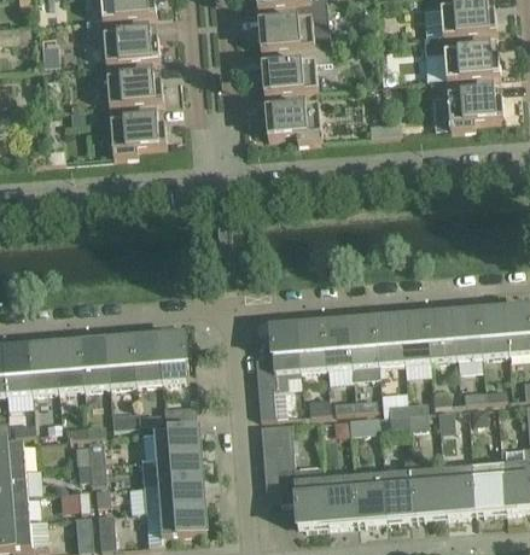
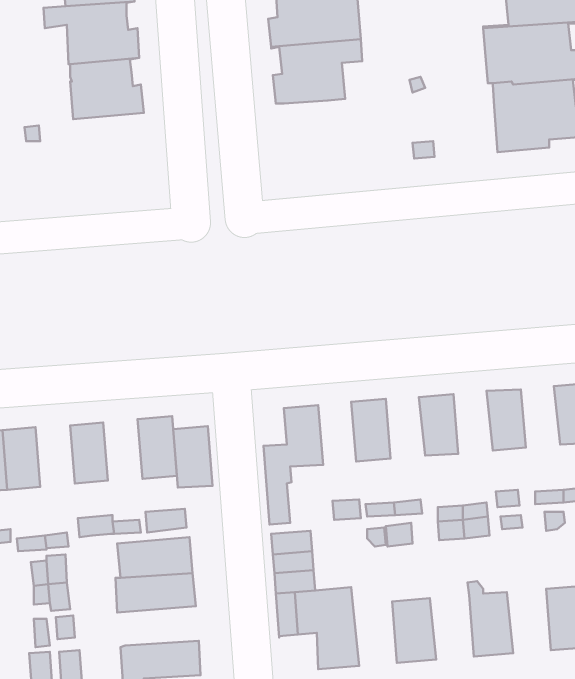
building: [264,89,321,140] -> none
building: [107,99,165,154] -> none
building: [452,309,482,356] -> none
building: [400,312,430,361] -> none
building: [348,317,379,376] -> none
building: [296,321,325,369] -> none
building: [130,334,161,381] -> [173,426,213,487]
building: [78,339,109,386] -> none
building: [382,460,415,519] -> none
building: [441,465,474,514] -> none
building: [322,474,356,524] -> none
building: [141,478,204,509] -> none

